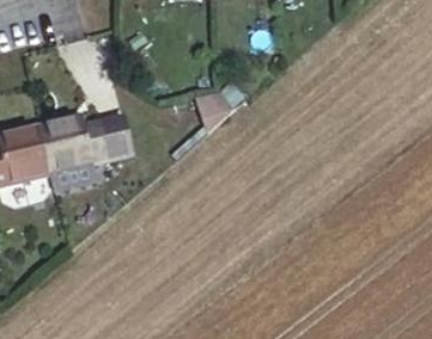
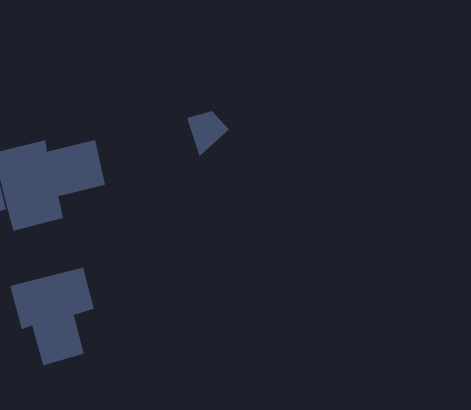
building: none -> [10,267,94,366]

